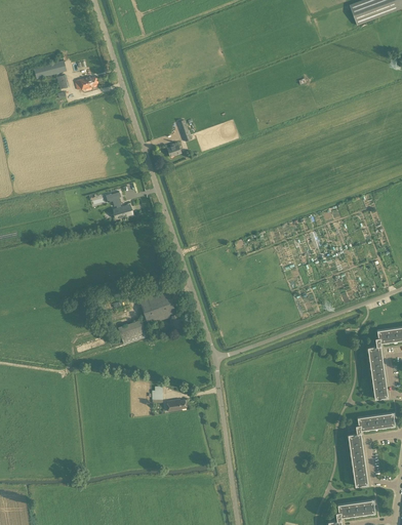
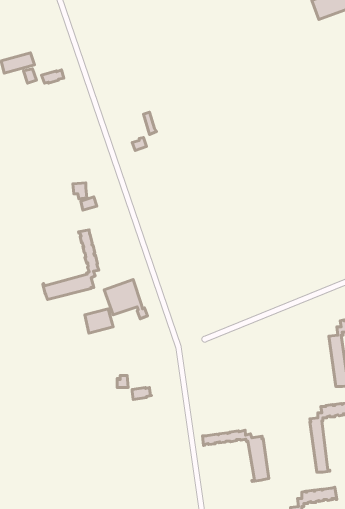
building: none -> [43,230,99,300]
building: none -> [203,430,269,481]

